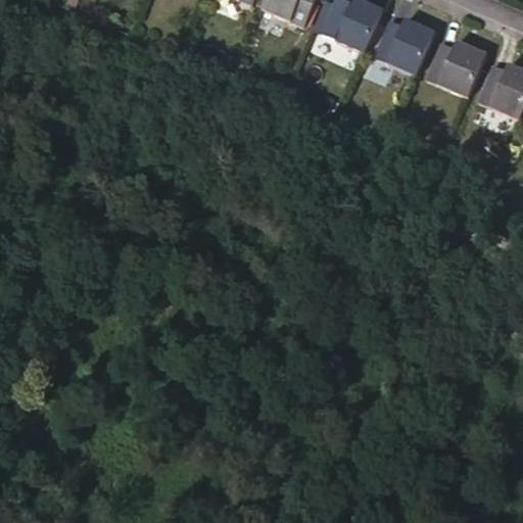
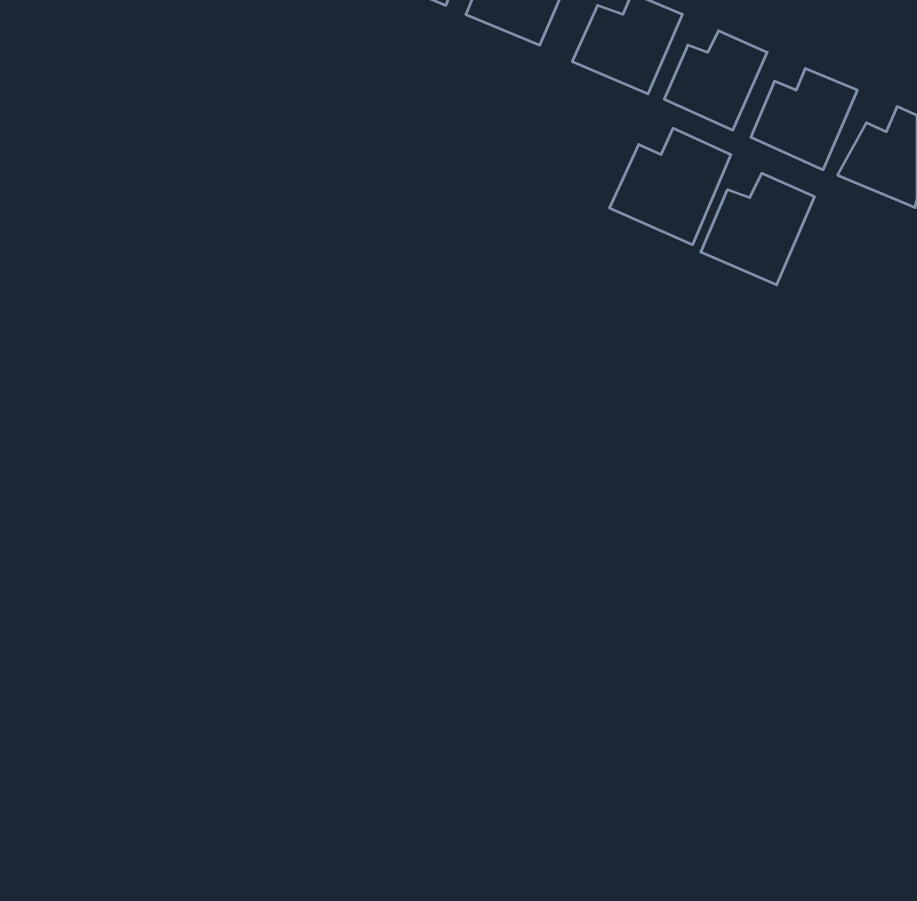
building: none -> [610,128,731,245]
building: none -> [701,173,814,285]

